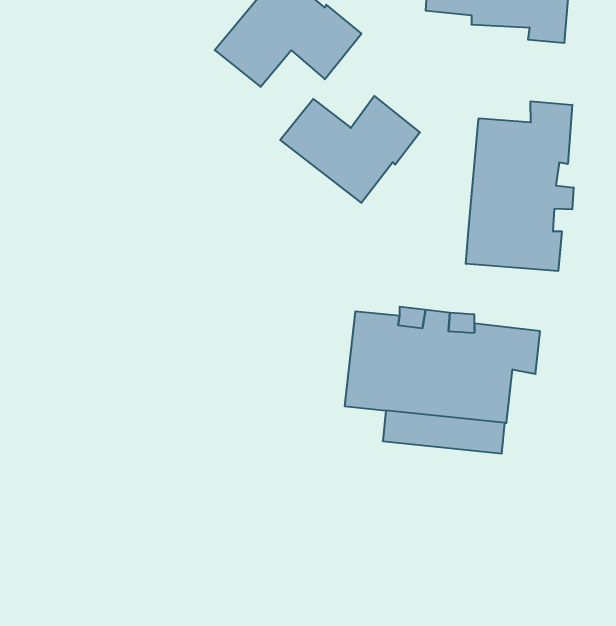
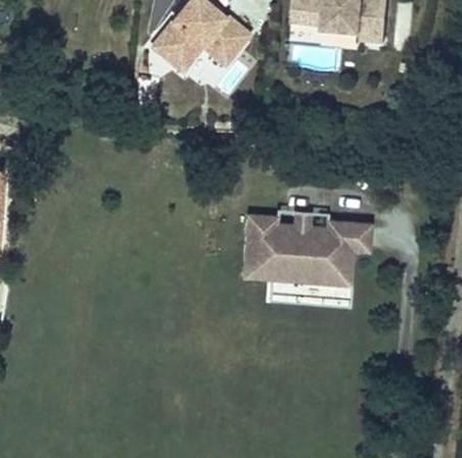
building: [280,96,420,203] -> none
building: [466,101,574,271] -> none

